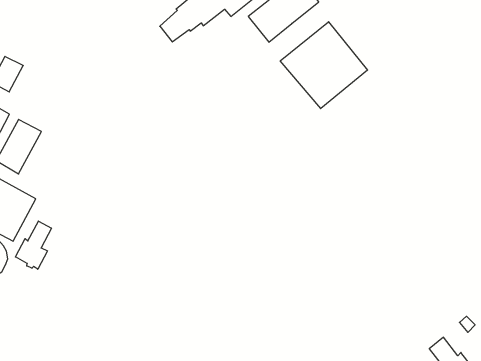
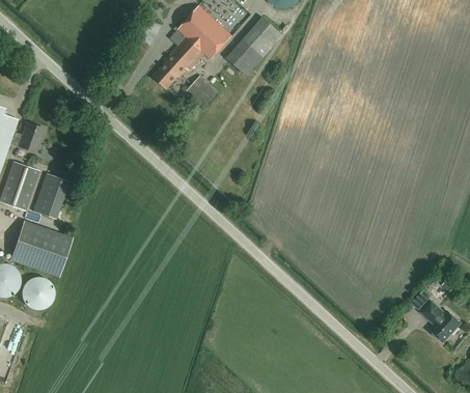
building: [280,22,368,109] -> none
building: none -> [186,75,218,107]
building: [15,221,51,269] -> none

